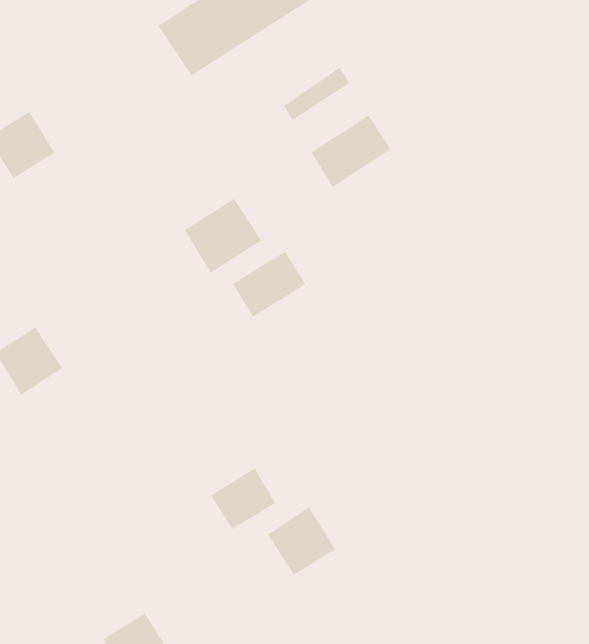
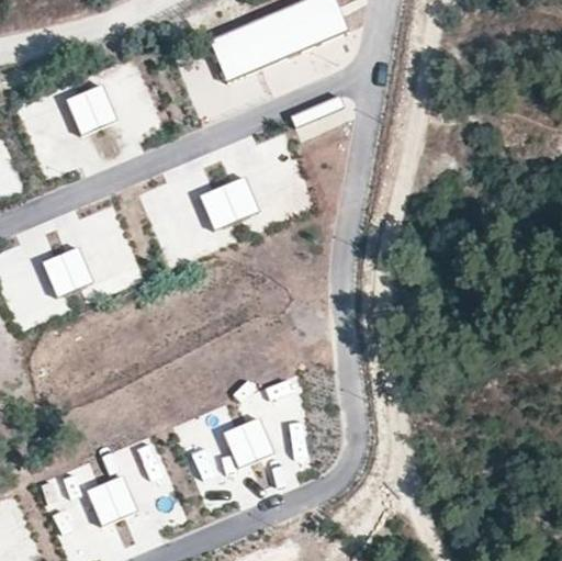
building: [311,115,391,188] -> none
building: [232,251,306,317] -> none
building: [210,468,276,530] -> none

